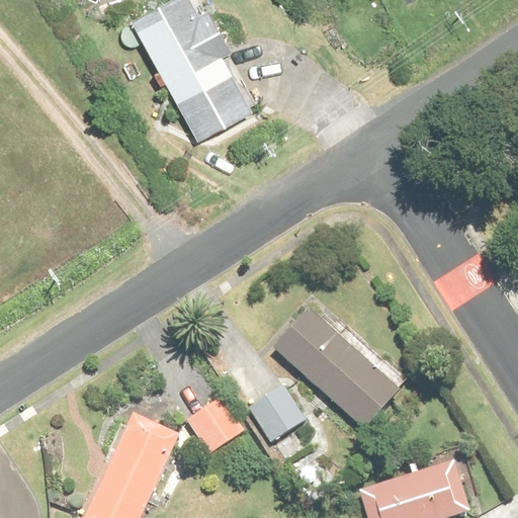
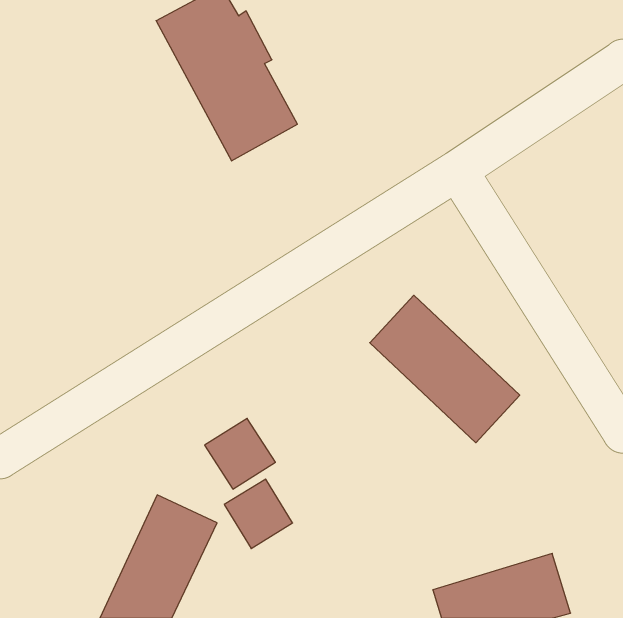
building: [273,308,398,430] -> [370,295,520,443]
building: [248,382,307,441] -> [205,418,275,489]

